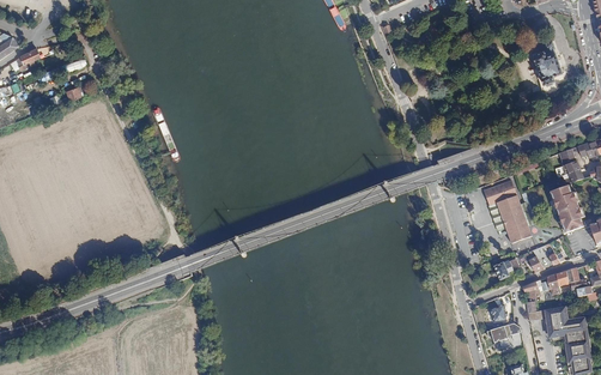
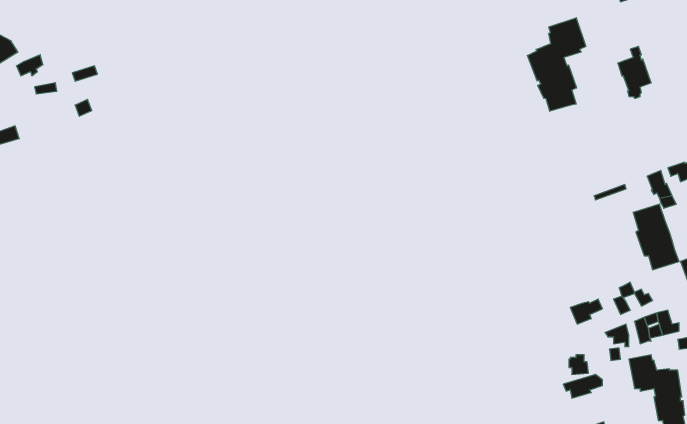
building: none -> [527,18,586,111]
building: [481,179,533,243] -> none

